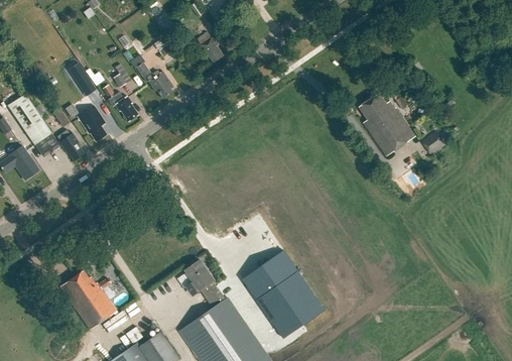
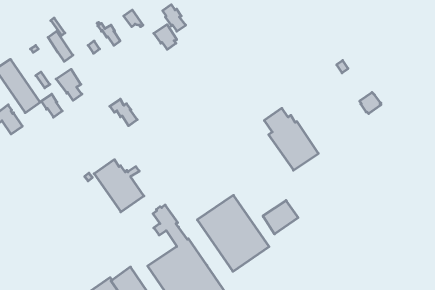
building: [147,70,173,98] -> [154,25,177,49]
building: [107,91,138,121] -> [110,99,137,126]
building: [359,92,420,162] -> [264,108,318,170]
building: none -> [263,200,298,234]
building: [59,269,116,329] -> [94,160,144,212]

